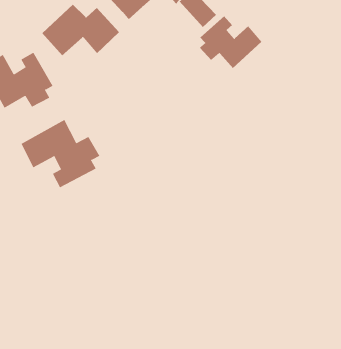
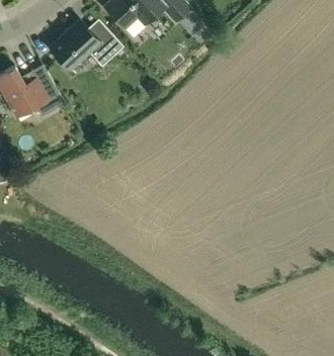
building: [199,15,262,69] -> none
building: [21,119,100,188] -> none

